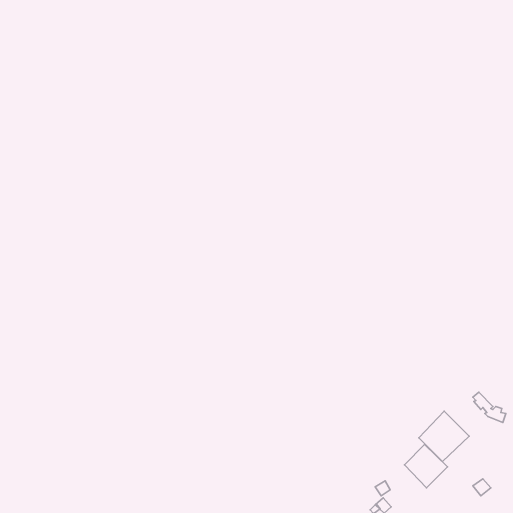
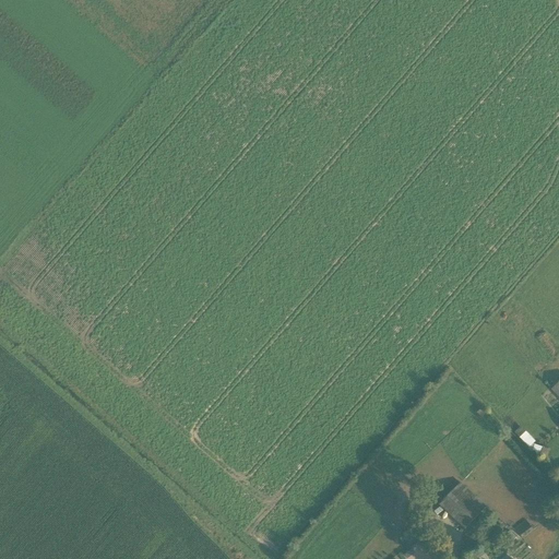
building: [419,411,469,461] -> none

